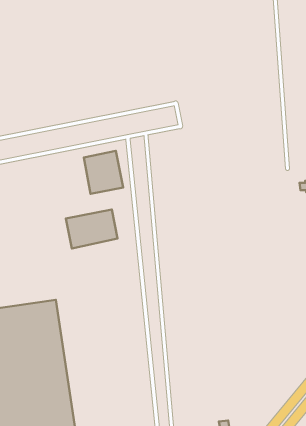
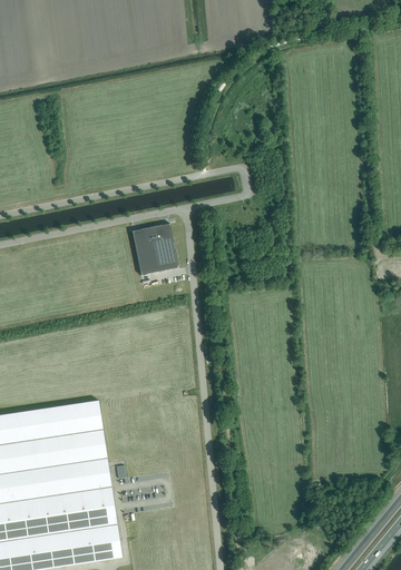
building: [66,209,117,248] -> none

